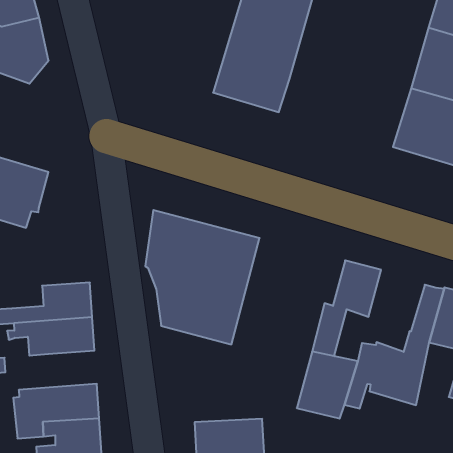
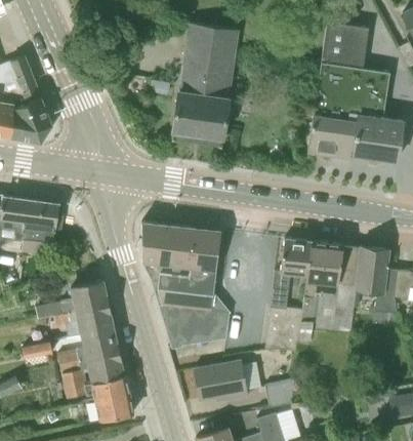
building: none -> [305,241,345,295]
building: none -> [160,304,230,348]
building: none -> [58,328,120,364]

